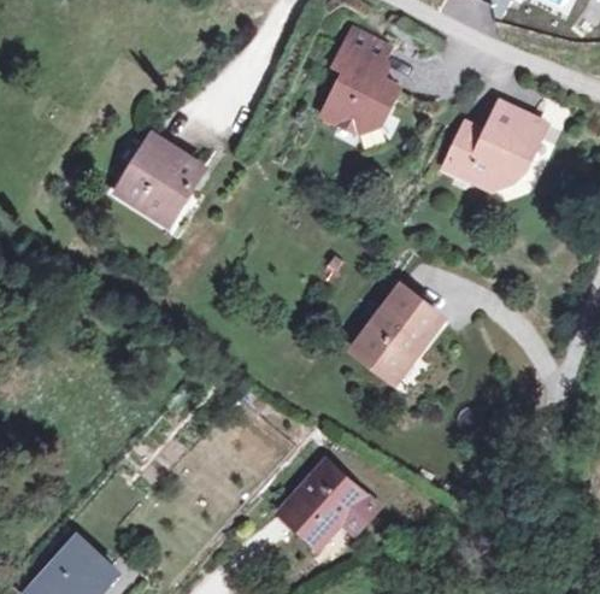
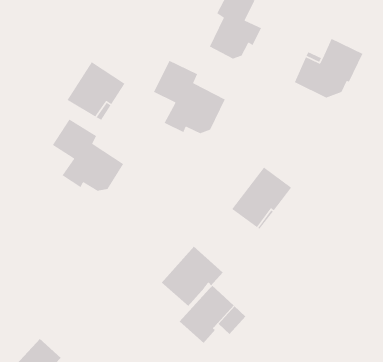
building: none -> [153,60,226,134]
building: none -> [52,118,124,192]
building: none -> [161,246,224,307]

